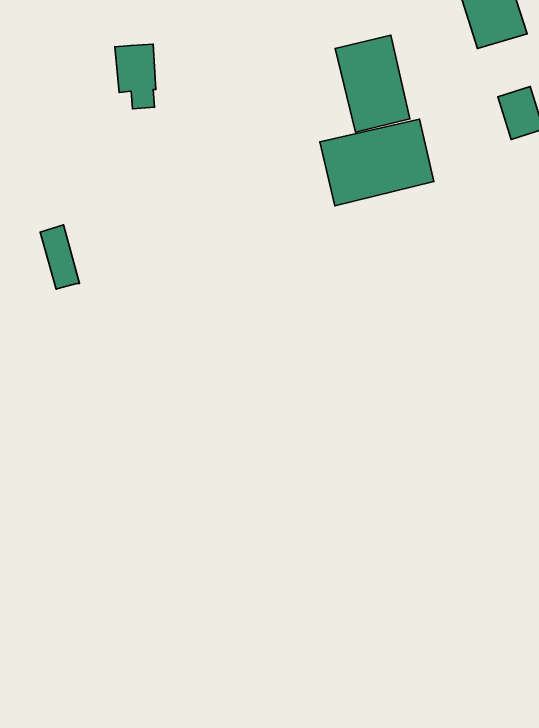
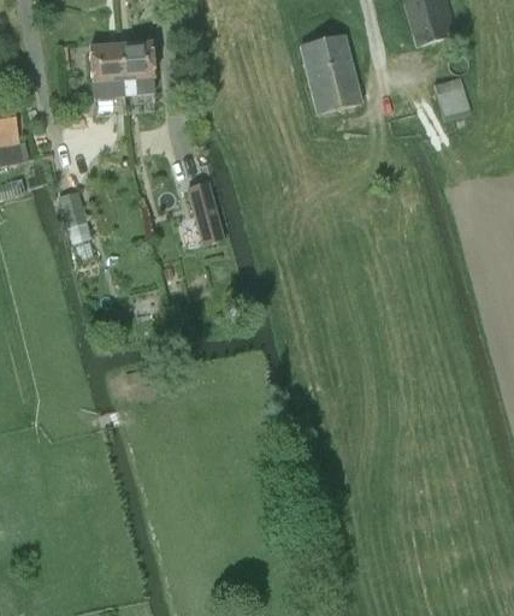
building: none -> [88,43,123,97]
building: [320,119,434,206] -> none
building: none -> [191,182,228,238]

